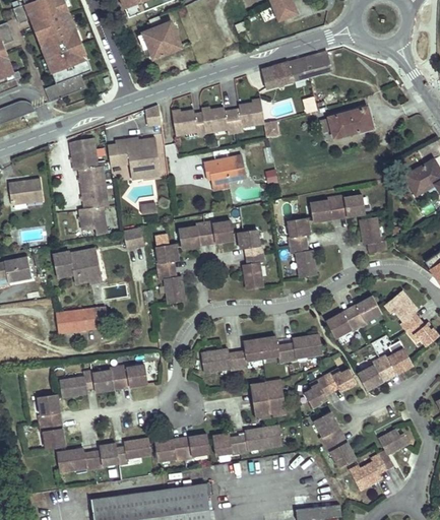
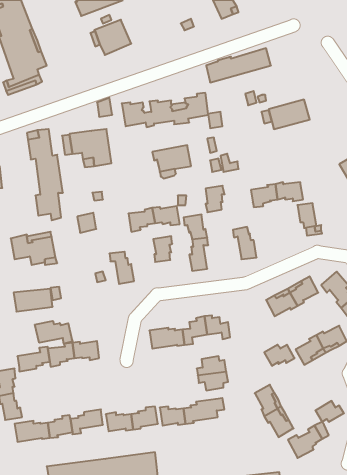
building: [288,217,308,246] -> [206,186,225,212]
building: [155,244,176,271] -> [153,236,172,262]
building: [285,334,321,361] -> none
building: none -> [35,321,73,344]
building: [304,377,331,407] -> none

